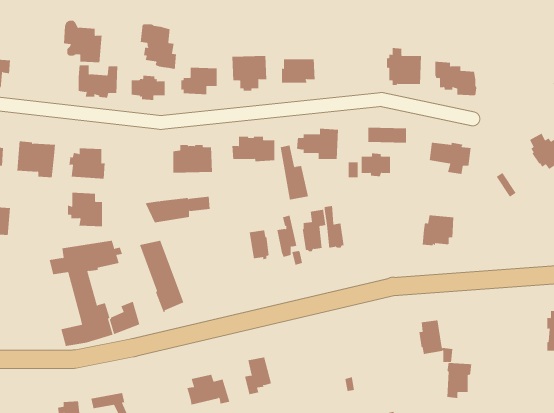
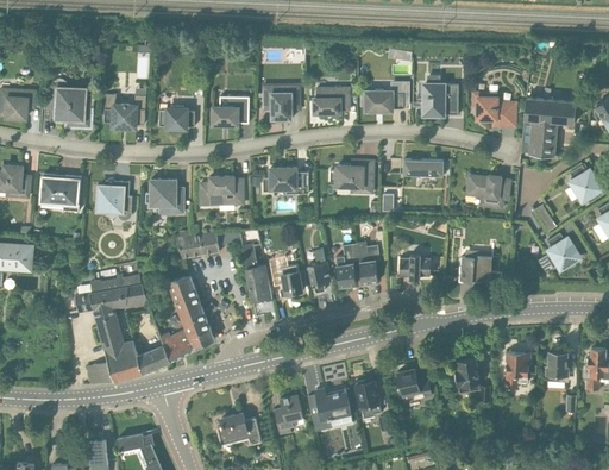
building: [63,20,102,63] -> [51,82,92,126]
building: [140,24,177,70] -> none
building: none -> [365,89,404,112]
building: none -> [521,96,576,156]
building: [280,145,309,200] -> [243,243,272,300]
building: [361,153,391,177] -> [400,253,431,278]
building: [67,192,103,227] -> [146,178,183,214]
building: none -> [546,232,579,268]
building: none -> [161,328,193,362]
building: none -> [546,349,569,380]
building: none -> [398,368,431,400]
building: none -> [356,380,382,419]
building: none -> [308,388,351,431]
building: [447,363,472,398] -> [506,351,532,388]

